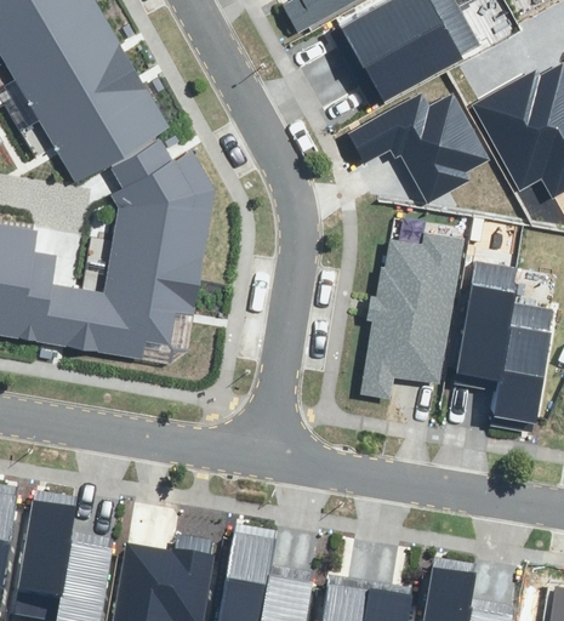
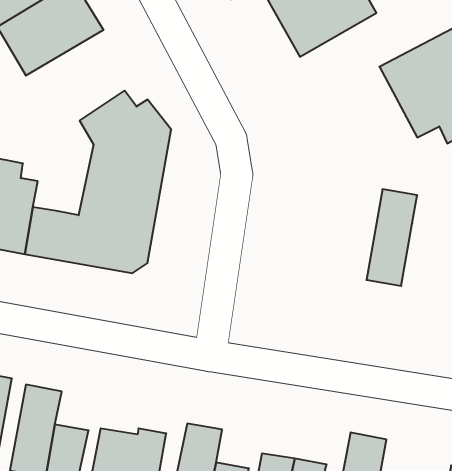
building: [40,64,170,180] -> none
building: [349,97,490,212] -> none
building: [347,224,450,393] -> none
building: [492,300,552,415] -> none

